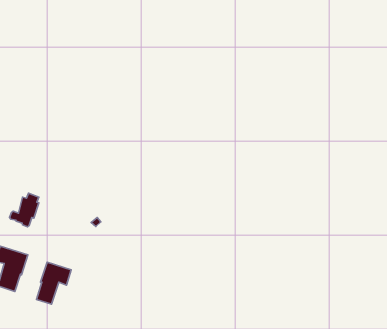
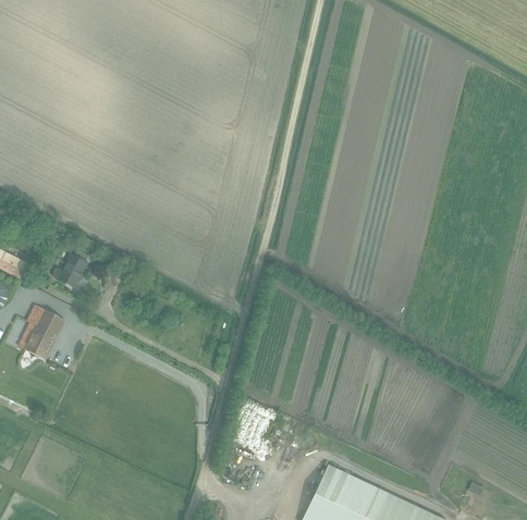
building: [36,262,71,304] -> none

